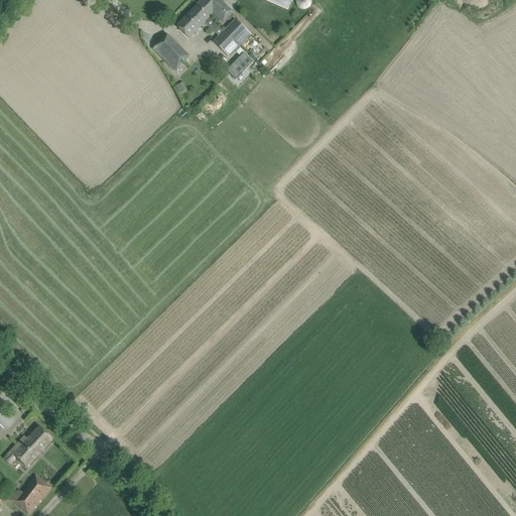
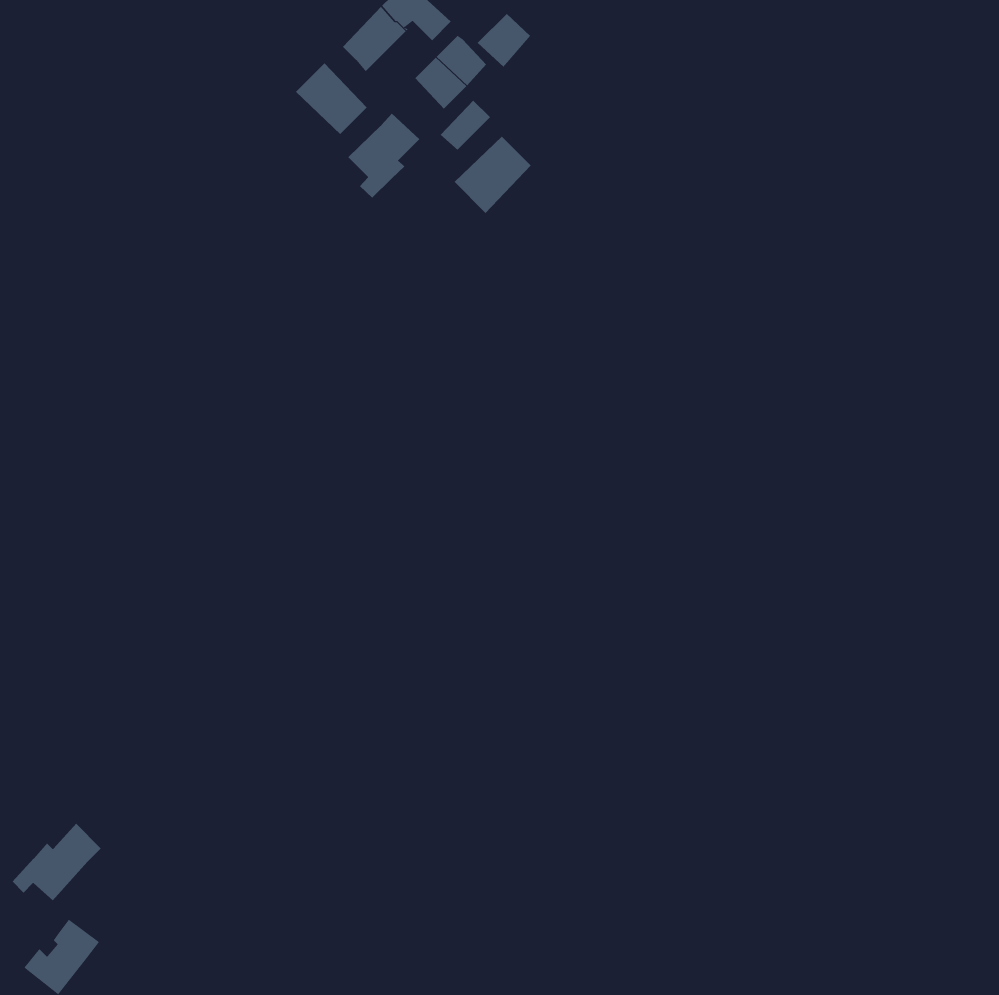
building: none -> [477,13,531,68]
building: none -> [348,113,420,198]
building: none -> [454,136,532,214]

